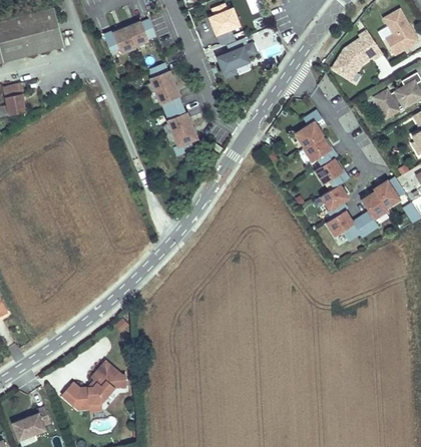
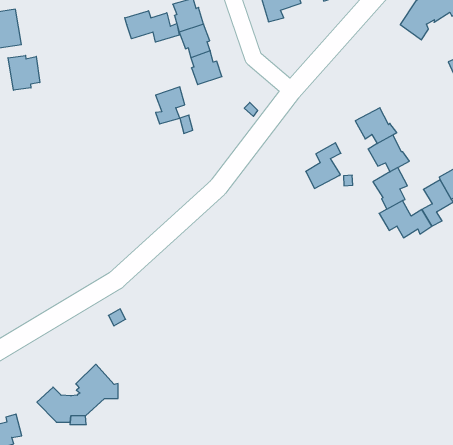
building: none -> [125,11,179,42]
building: [294,112,322,150] -> [306,143,341,188]
building: none -> [8,55,40,90]
building: [172,123,196,154] -> [156,87,185,124]

